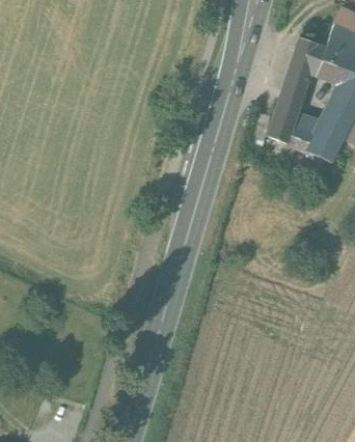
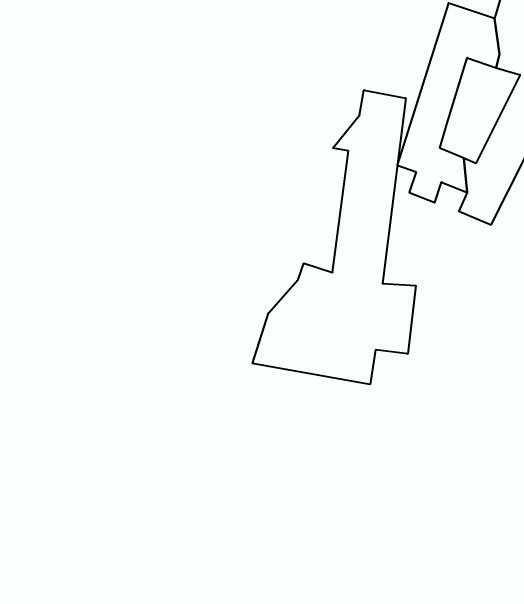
building: none -> [253,90,416,384]

